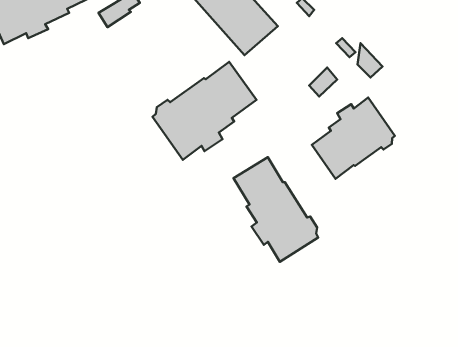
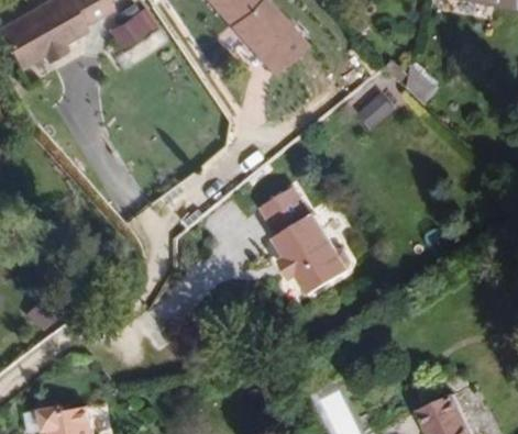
building: [153,62,256,160] -> none
building: [312,97,395,179] -> none

